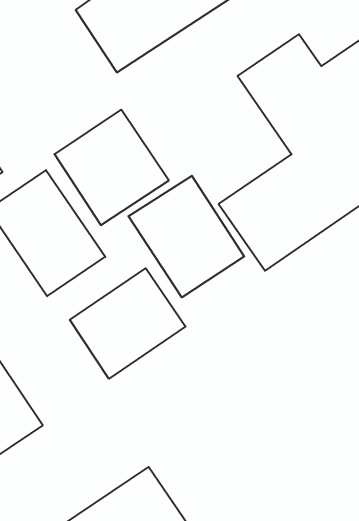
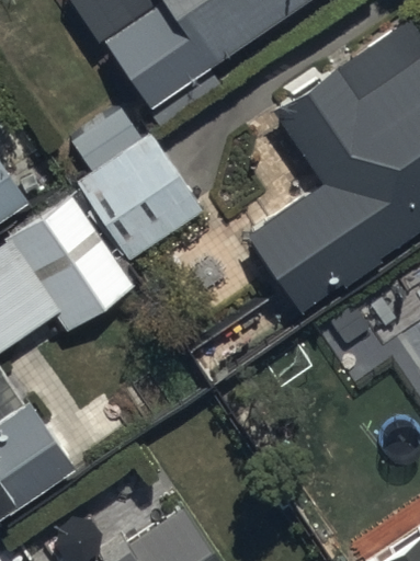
building: [128,176,244,297] -> none
building: [70,268,186,379] -> none

